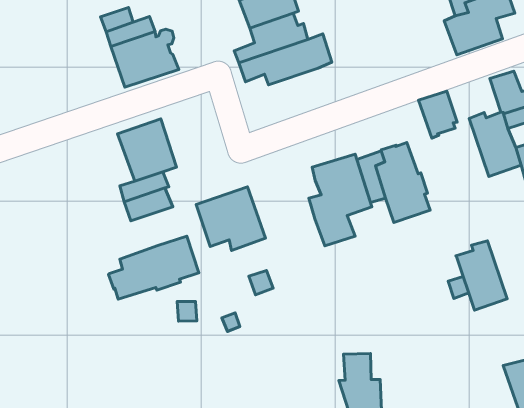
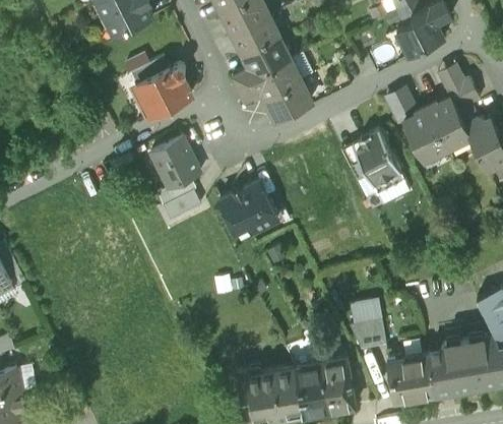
building: none -> [264,81,309,123]
building: [309,154,372,246] -> none
building: [108,236,199,299] -> none
building: [456,241,507,310] -> [402,106,447,162]

